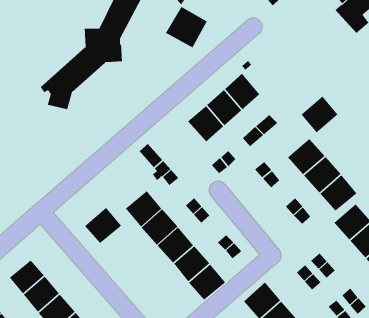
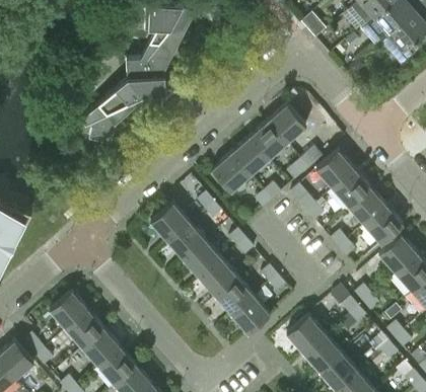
building: [165,6,208,48] -> none
building: [300,95,339,134] -> [316,152,355,190]
building: none -> [213,154,251,191]
building: [84,207,122,244] -> [152,205,191,242]

